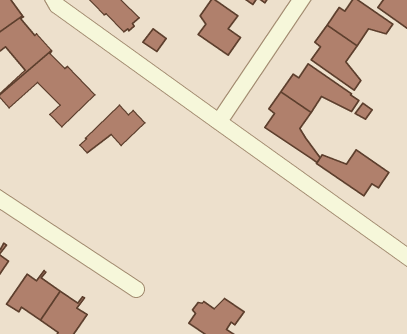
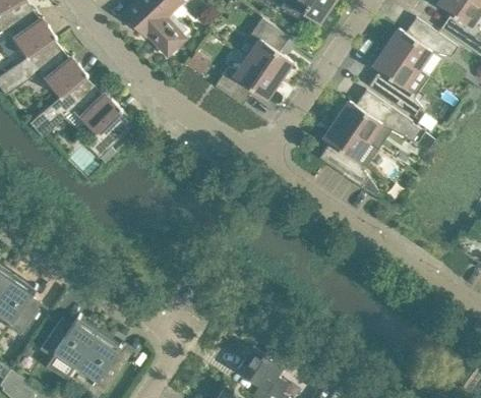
building: none -> [215,58,279,106]
building: [80,105,145,153] -> none
building: [317,150,389,196] -> none

